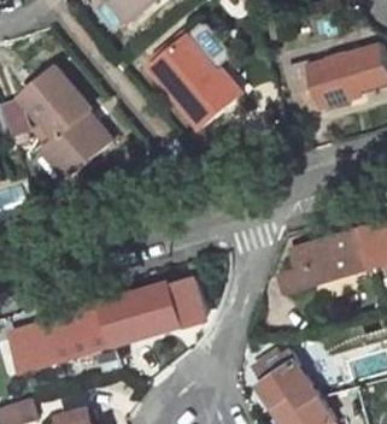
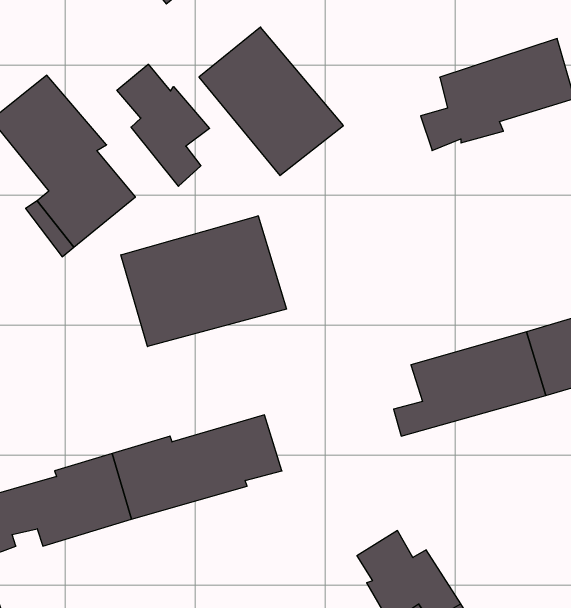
building: none -> [117,64,210,186]
building: none -> [121,216,287,347]

